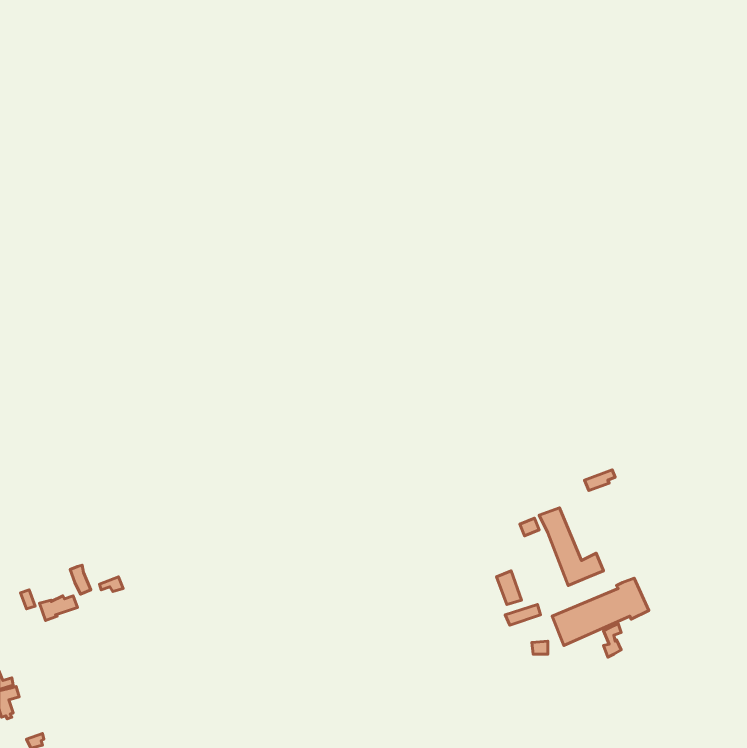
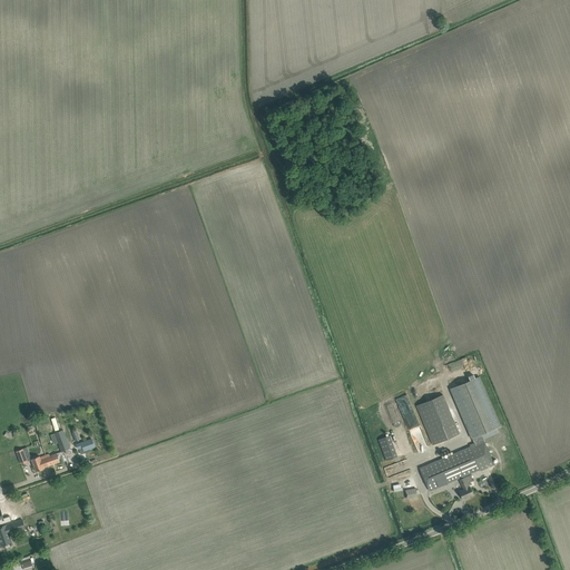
building: none -> [449,376,500,443]

